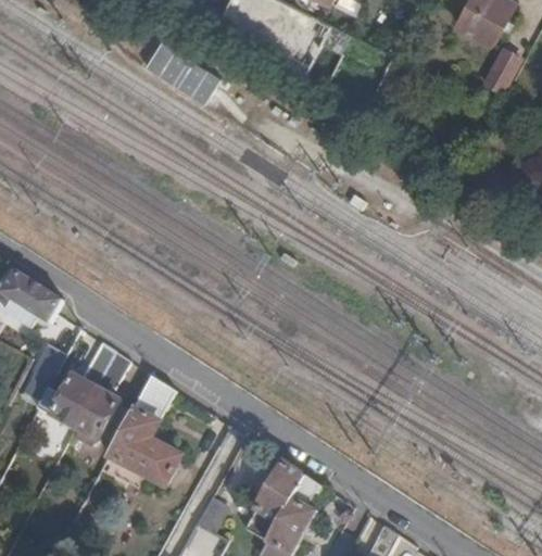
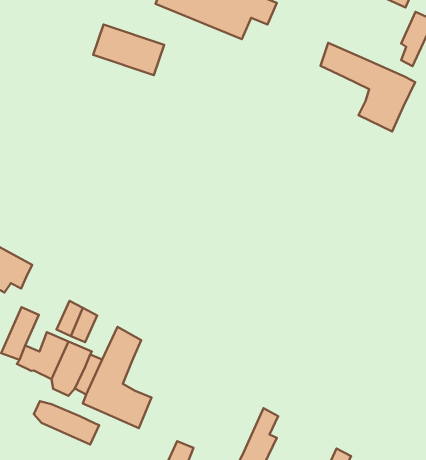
building: none -> [321,43,415,132]
building: none -> [34,401,99,445]
building: [255,454,304,520] -> none

